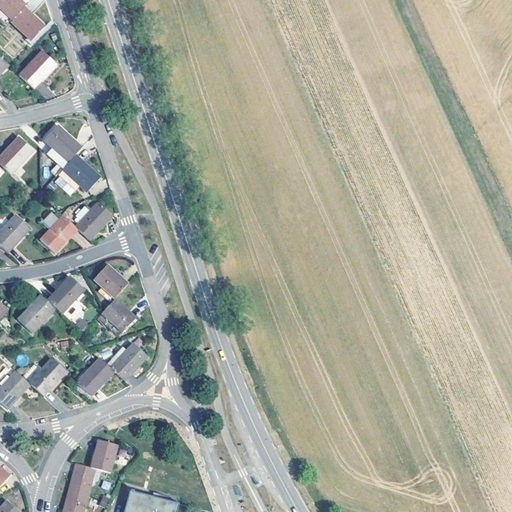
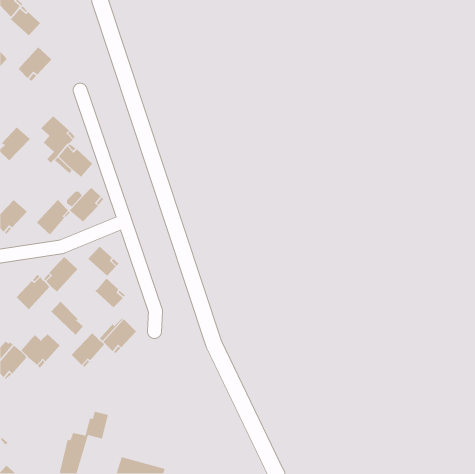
building: none -> [51,301,84,336]

